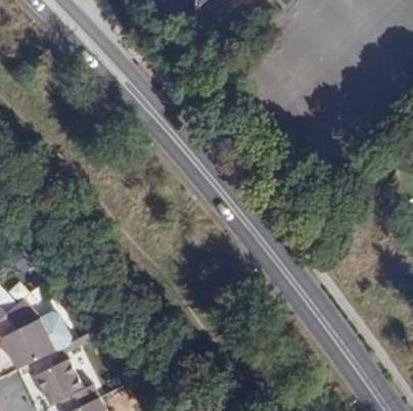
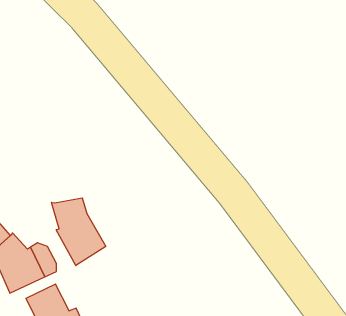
building: none -> [52,198,106,266]

